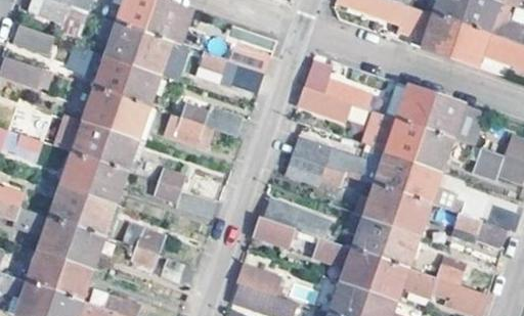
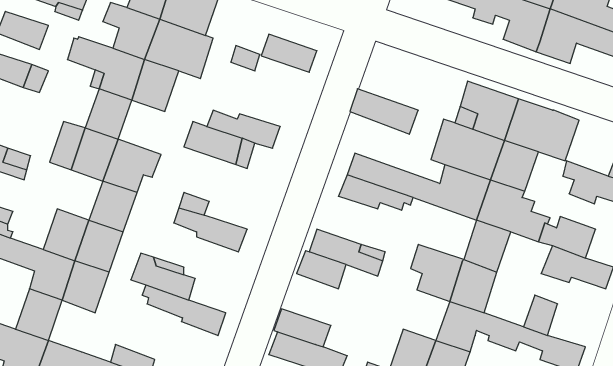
building: [304,62,369,108] -> none
building: [111,96,148,137] -> none
building: [61,152,98,193] -> none
building: [353,184,400,225] -> none
building: [317,239,379,290] -> none
building: [54,258,92,300] -> none

